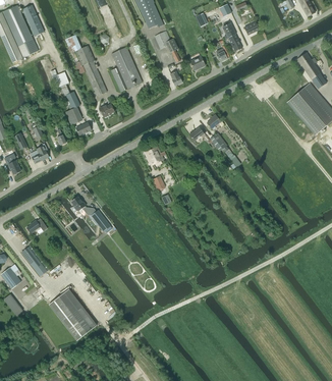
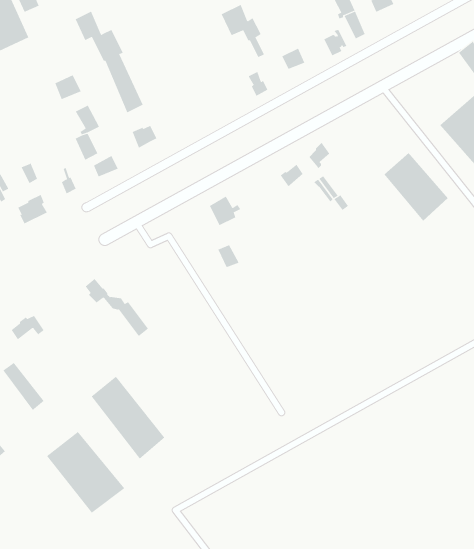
building: [111,47,143,91] -> none
building: none -> [383,152,449,222]
building: none -> [91,376,165,460]

